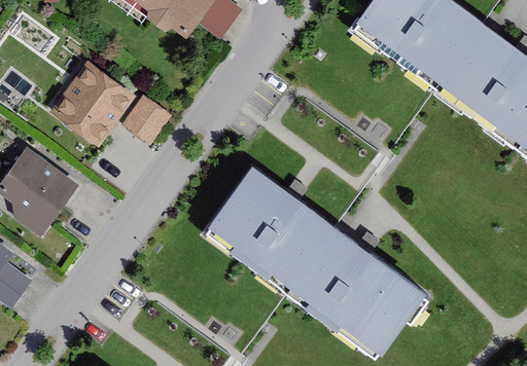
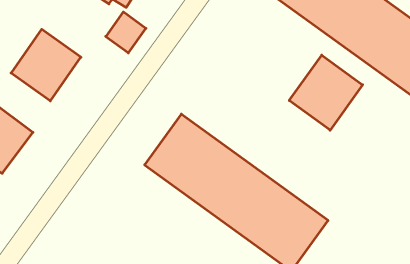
building: none -> [289,55,363,130]
building: [121,101,169,149] -> [106,12,146,53]

